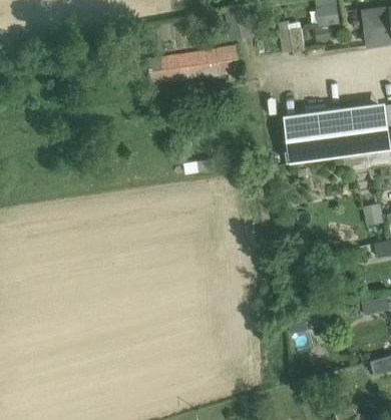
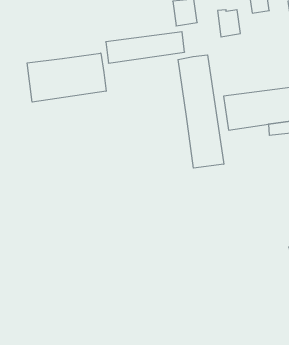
building: none -> [27,53,106,102]
building: none -> [178,55,224,168]

